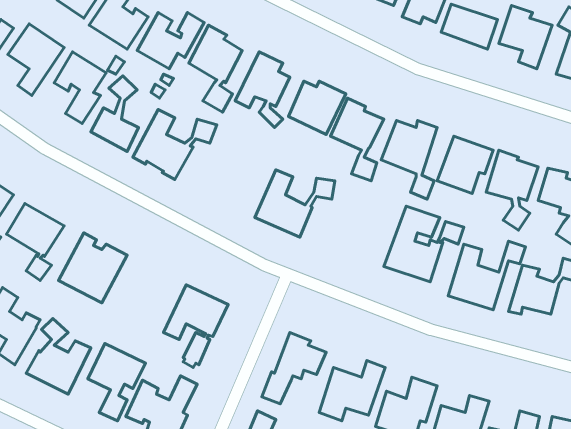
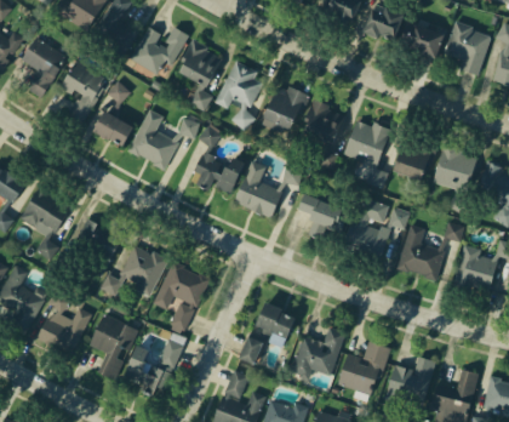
building: none -> [191,127,242,194]
building: none -> [298,193,349,239]
building: none -> [99,245,168,296]

